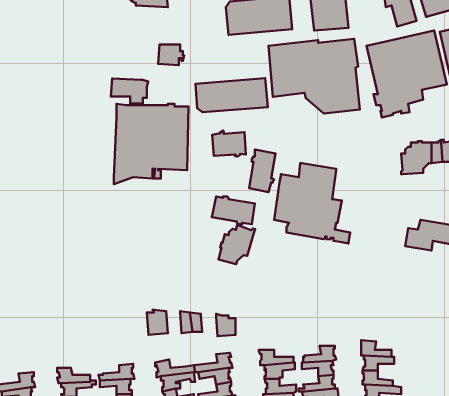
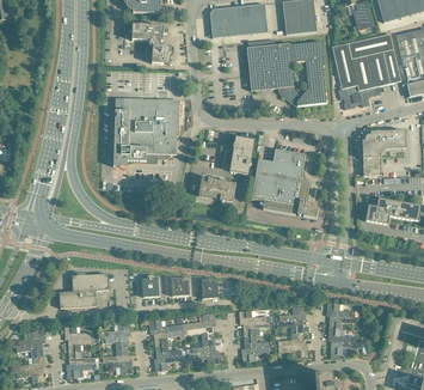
building: [196,78,268,112] -> none
building: [111,79,148,103] -> [133,24,165,45]
building: [212,131,246,156] -> none
building: [218,225,255,264] -> none
building: none -> [60,272,109,307]

